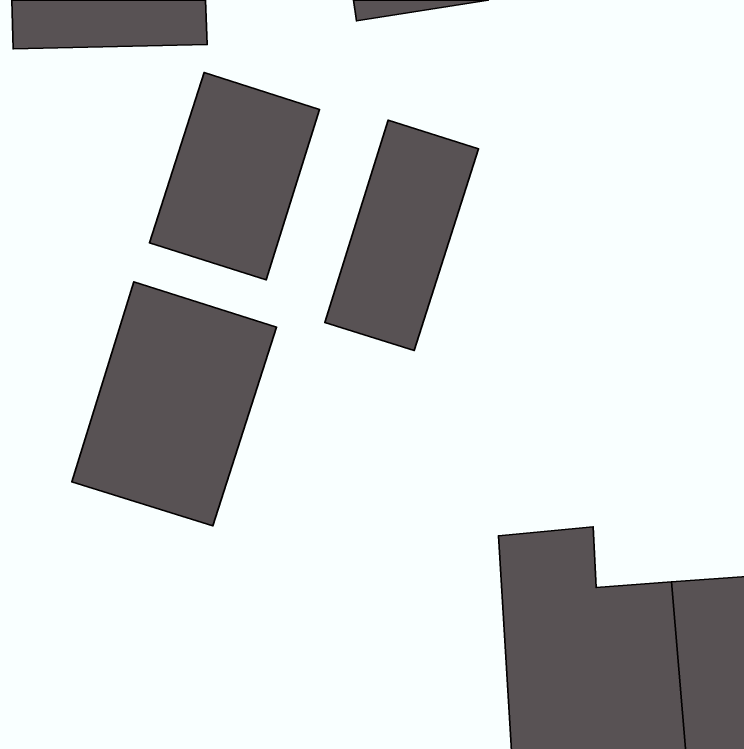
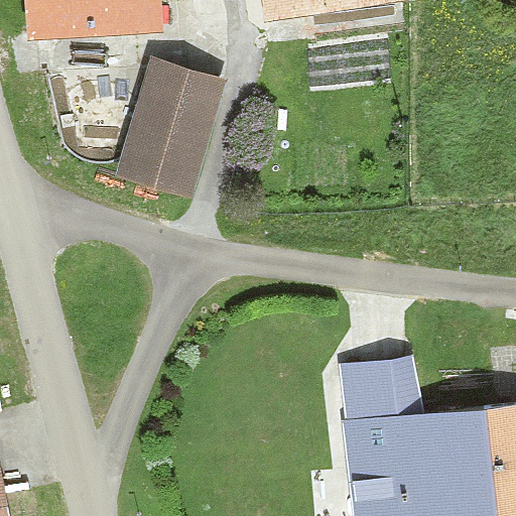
building: [325,120,478,350] -> none
building: [72,282,276,526] -> none

